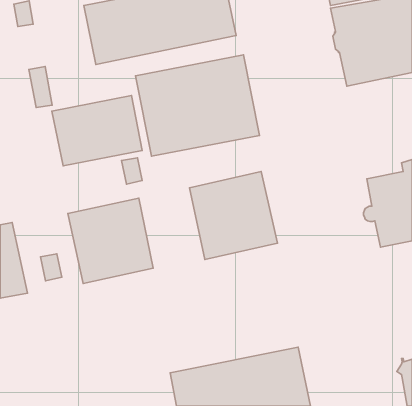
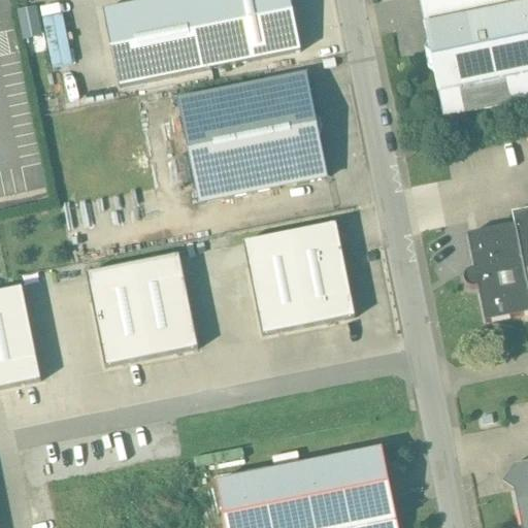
building: [29,66,52,107] -> [43,9,73,62]
building: [52,96,142,166] -> none
building: [121,158,142,184] -> none
building: [40,254,62,281] -> none

